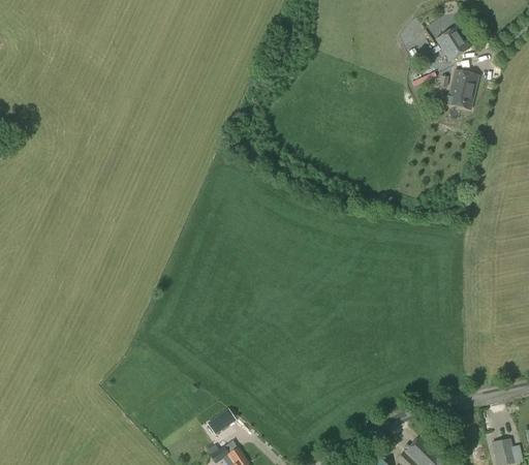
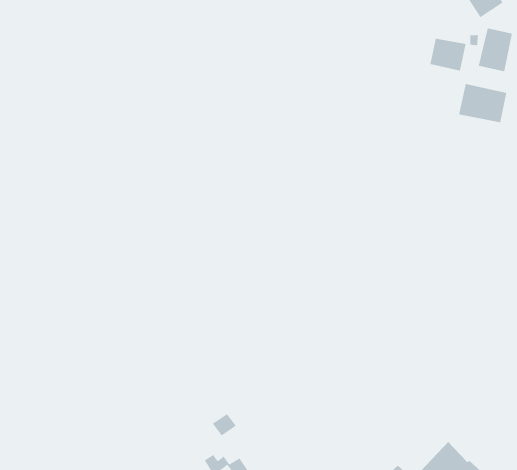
building: none -> [429,38,467,71]
building: none -> [458,83,507,123]

